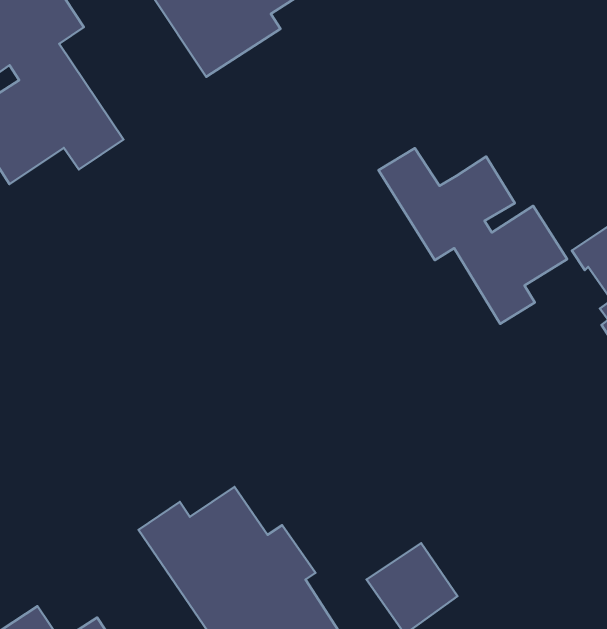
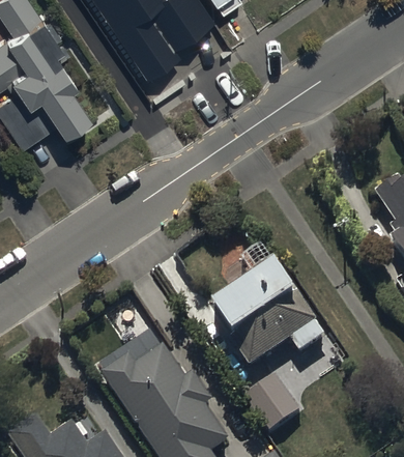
building: [379,148,567,324] -> none
building: none -> [205,254,318,354]

